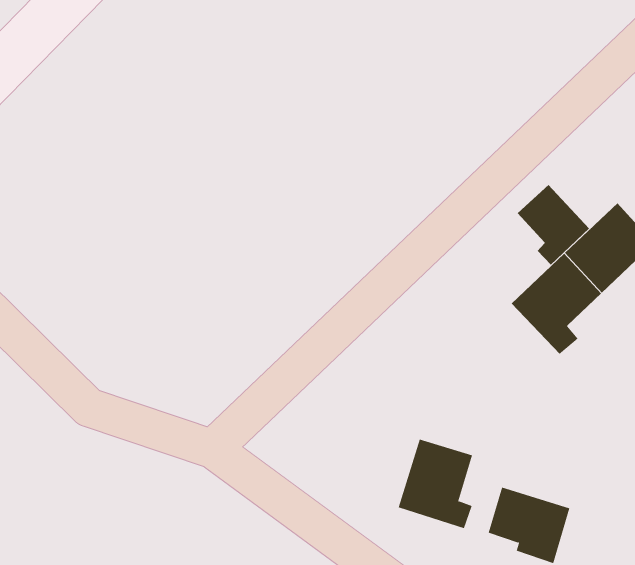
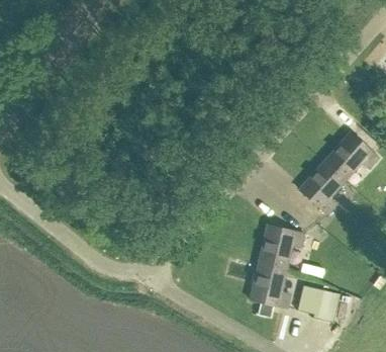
building: [517,184,590,265] -> none
building: none -> [259,225,304,268]

